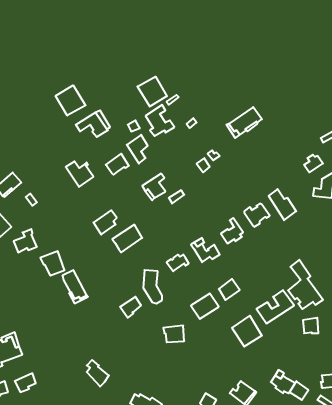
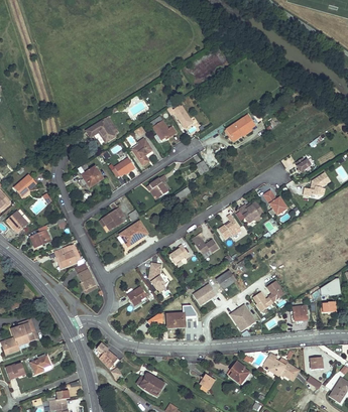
building: [137,77,167,107] -> none
building: [56,85,86,116] -> none
building: [288,260,323,309] -> none

